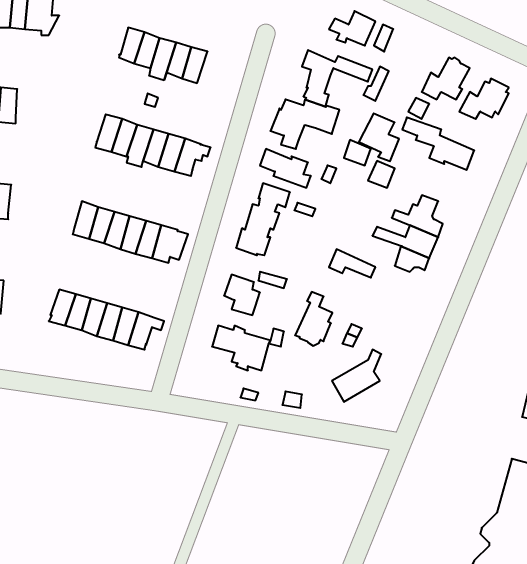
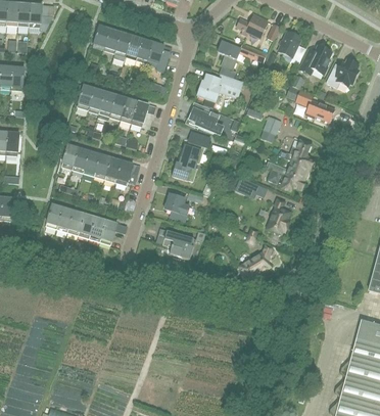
building: none -> [146,41,171,71]
building: [359,113,399,161] -> [277,31,304,63]
building: [295,292,332,346] -> [266,197,291,234]

